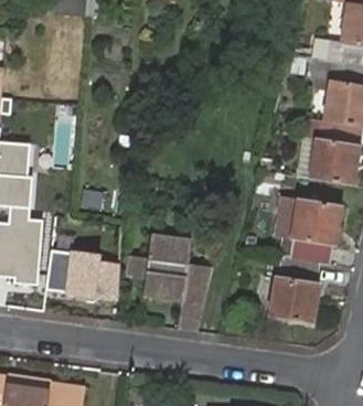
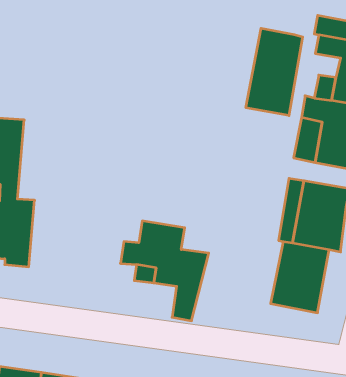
building: none -> [246,28,303,116]
building: [45,248,118,296] -> none

